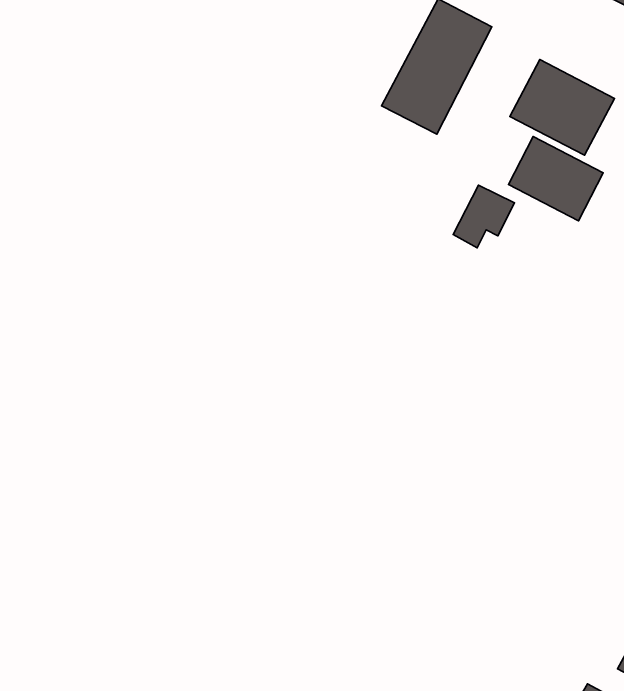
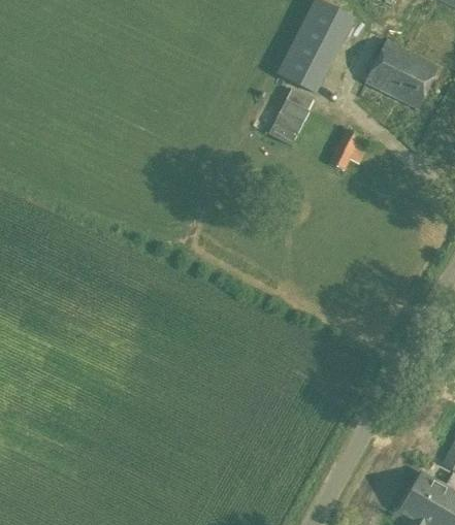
building: none -> [268,87,315,143]
building: [508,136,603,221] -> none

